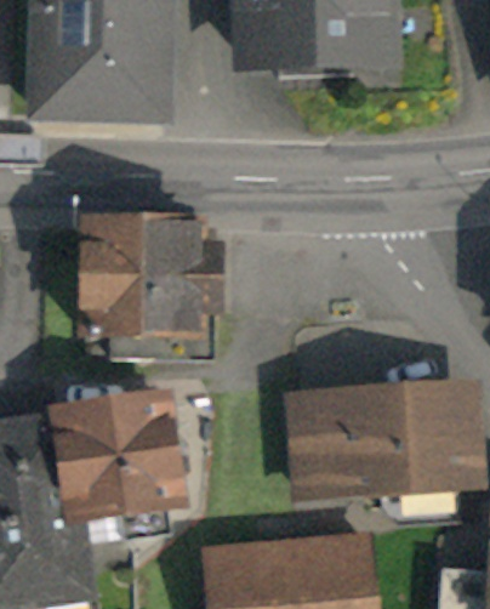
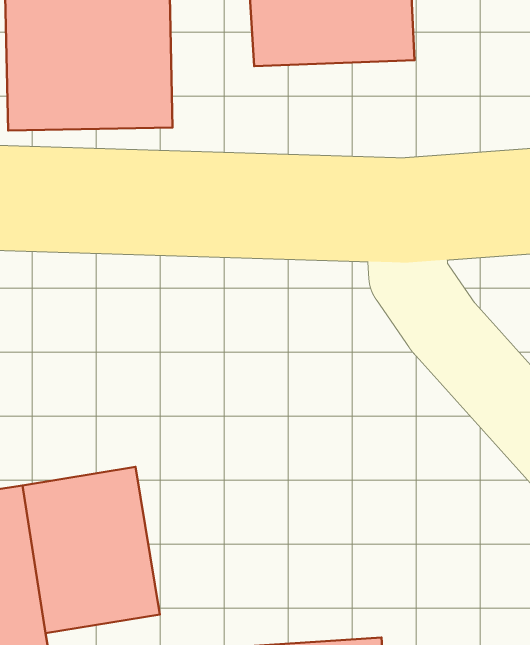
building: [80,234,203,325] -> none
building: [294,387,462,488] -> none

